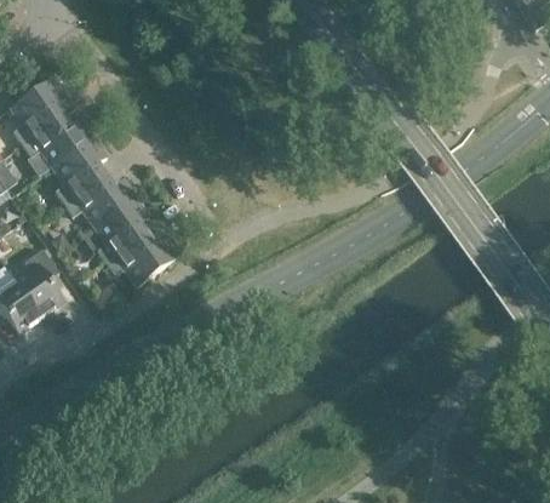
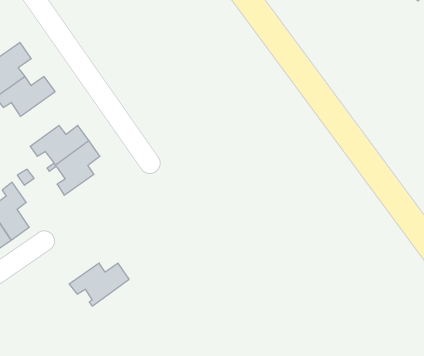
building: [41,137,107,204] -> none
building: [104,238,177,290] -> [69,263,129,306]

